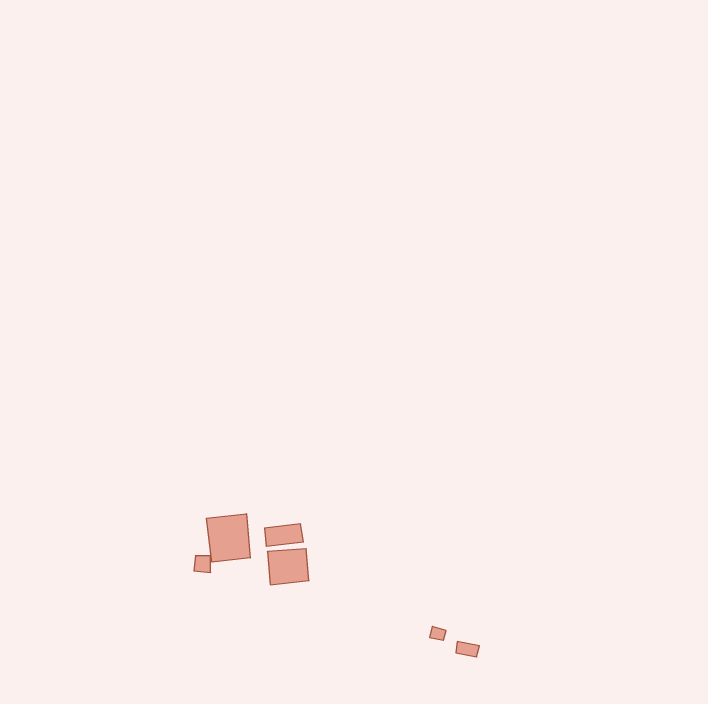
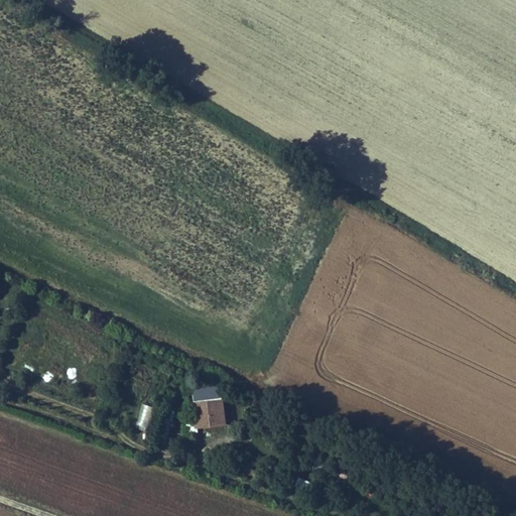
building: [207,514,250,562] -> none

